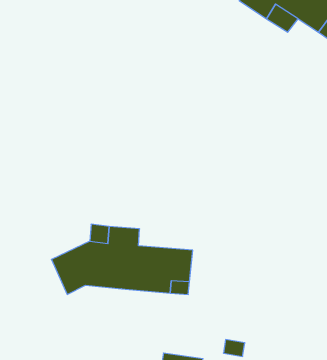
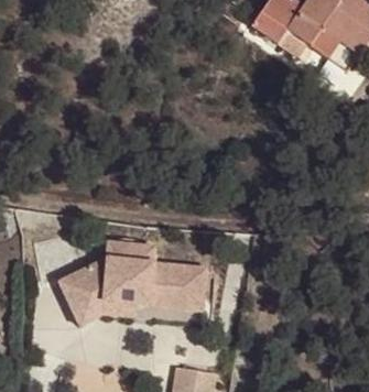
building: none -> [57,276,137,327]

